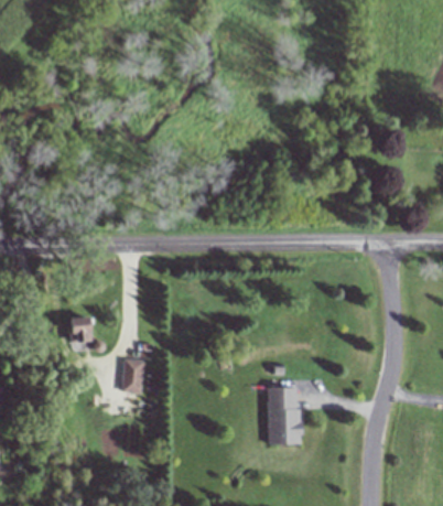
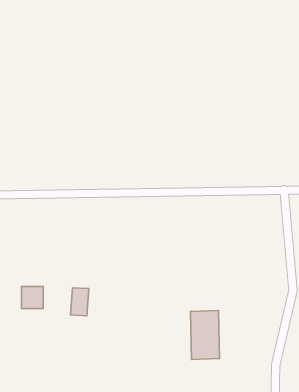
building: [71,319,97,345] -> [21,287,43,308]

